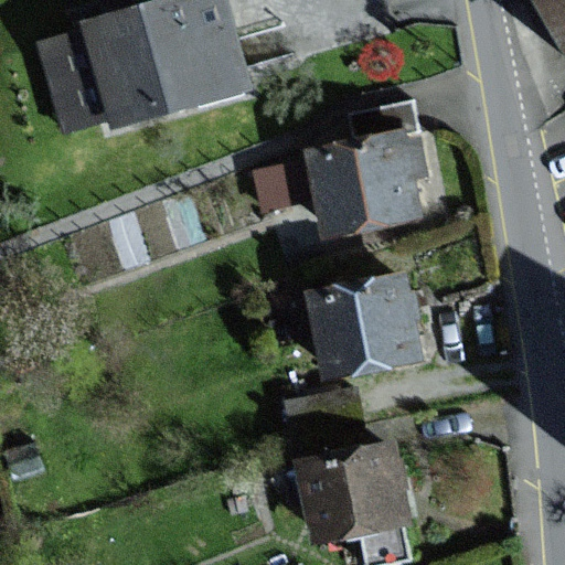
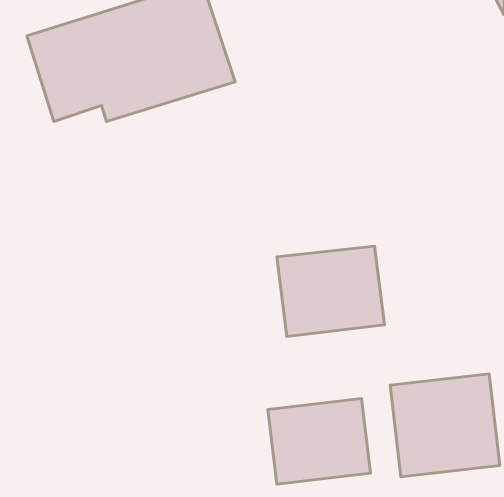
building: [250,136,431,232] -> none
building: none -> [390,374,500,477]

